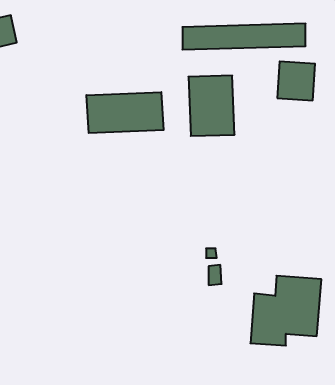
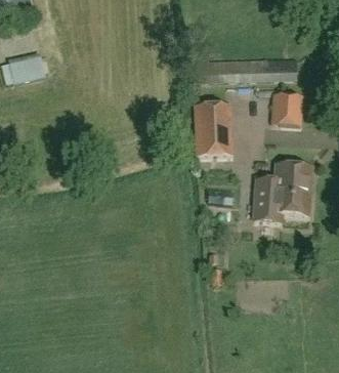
building: [86,92,164,133] -> none
building: [250,276,321,346] -> [252,162,313,222]

